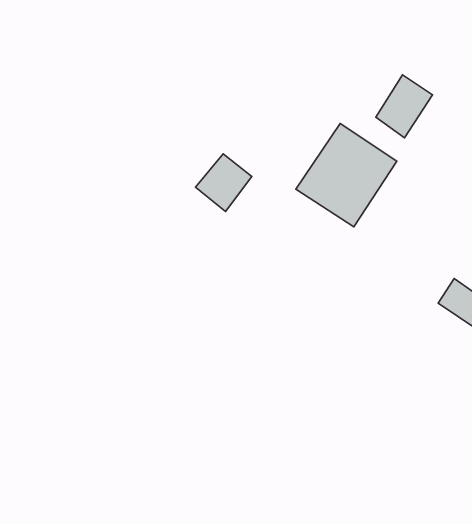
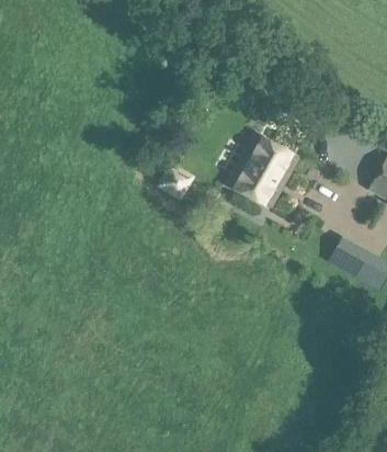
building: [376,75,432,138] -> none

